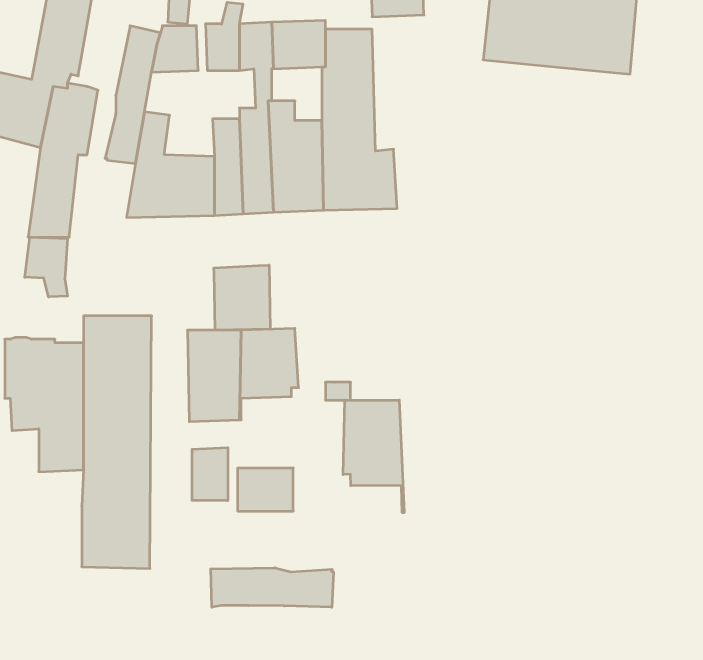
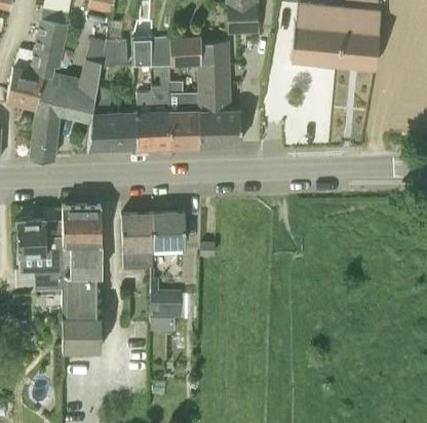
building: [25,237,68,297] -> none
building: [214,265,270,330] -> none
building: [343,400,404,513] -> none
building: [192,448,228,501] -> none
building: [211,568,333,607] -> none

